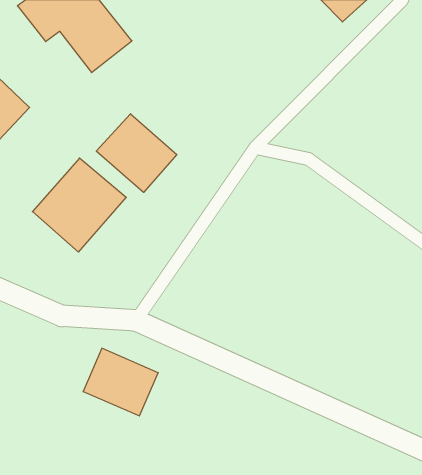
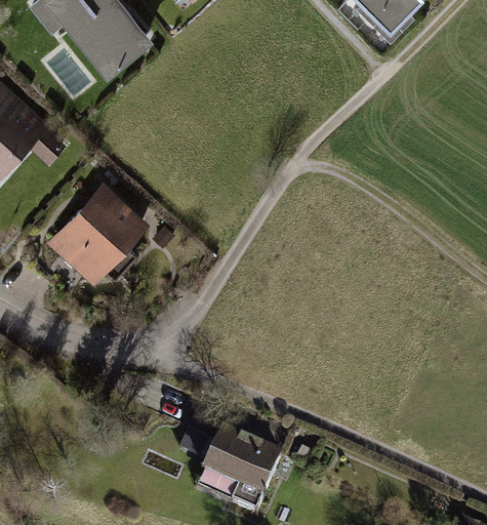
building: [96,114,177,192] -> none
building: [83,348,158,416] -> [198,431,280,504]

